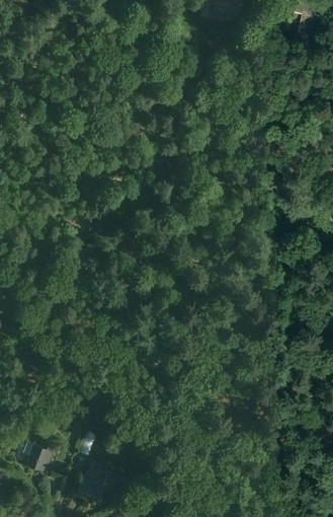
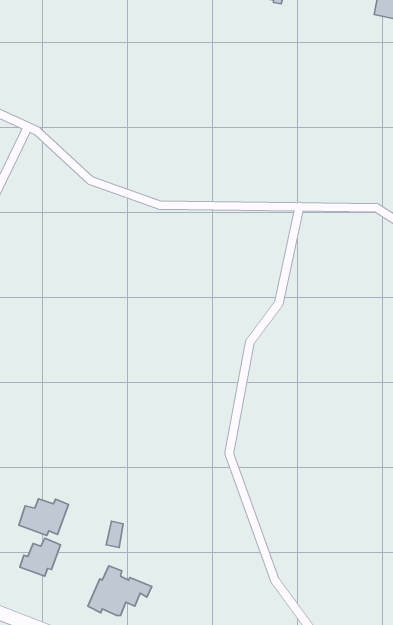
building: none -> [19,499,69,536]

